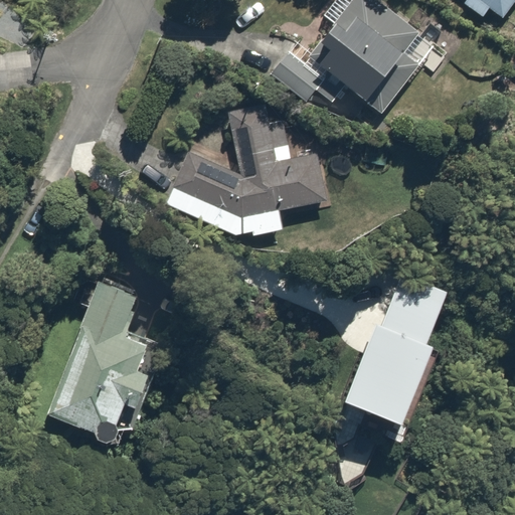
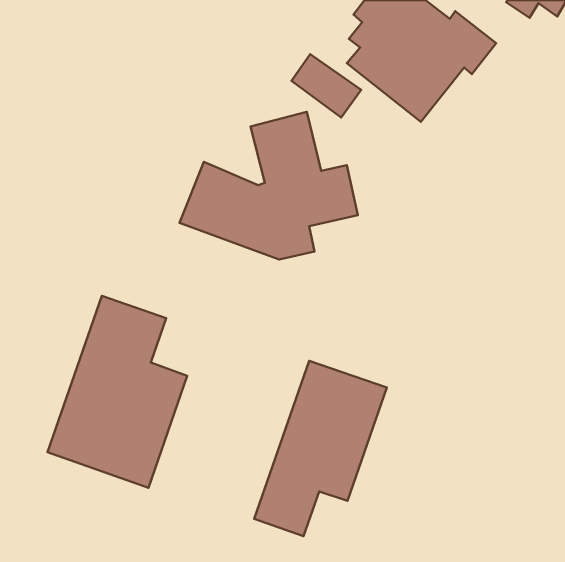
building: [344,274,449,418] -> none
building: none -> [254,361,387,536]

